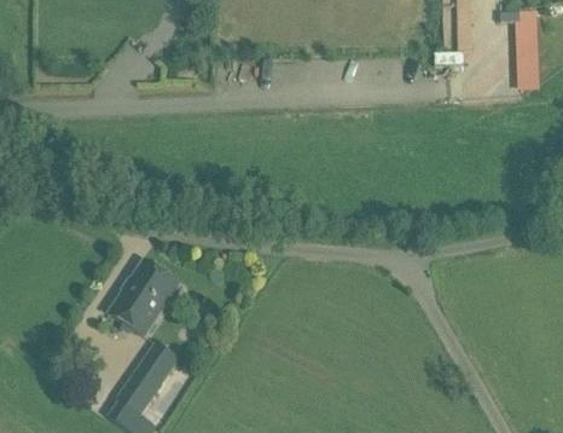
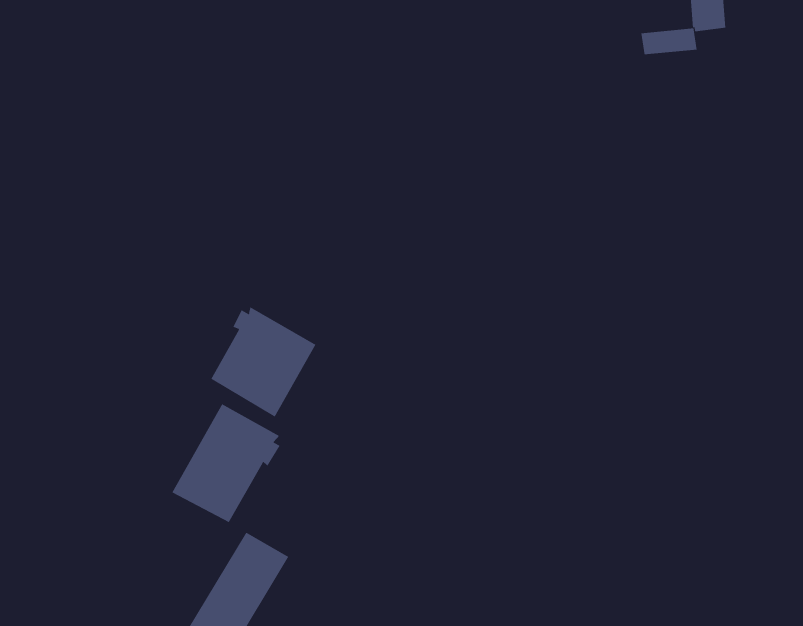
building: none -> [211,307,316,417]

